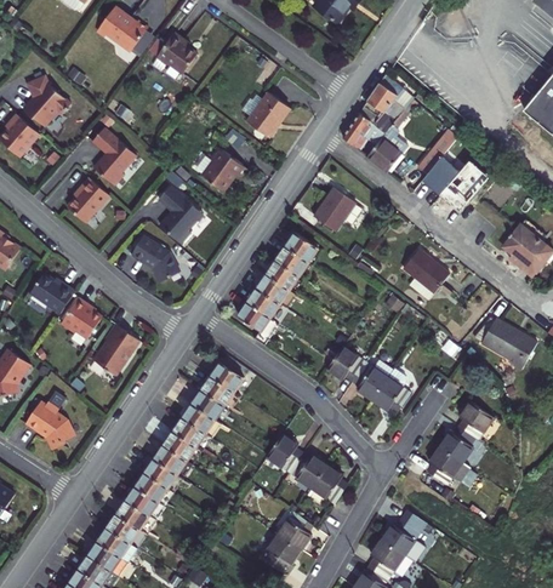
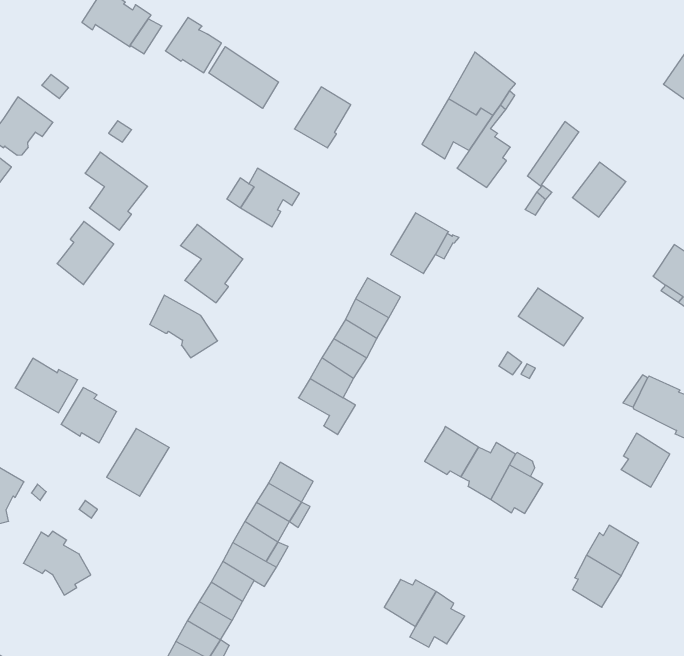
building: none -> [209,47,279,108]
building: [456,401,492,441] -> [621,433,670,487]
building: [264,435,301,474] -> none

